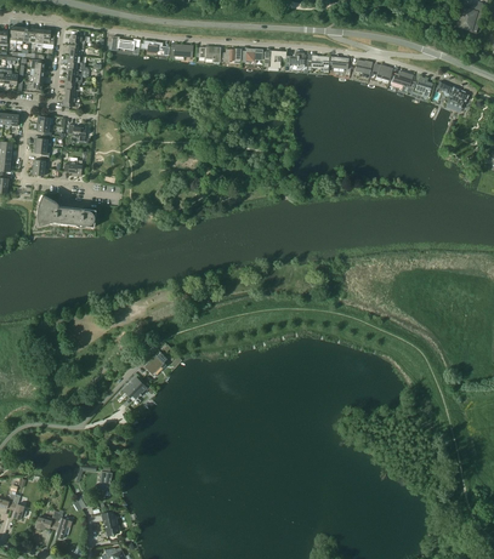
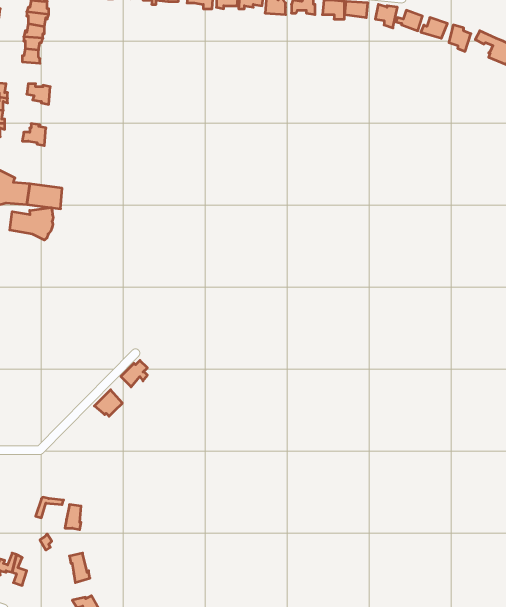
building: none -> [10,208,53,240]

